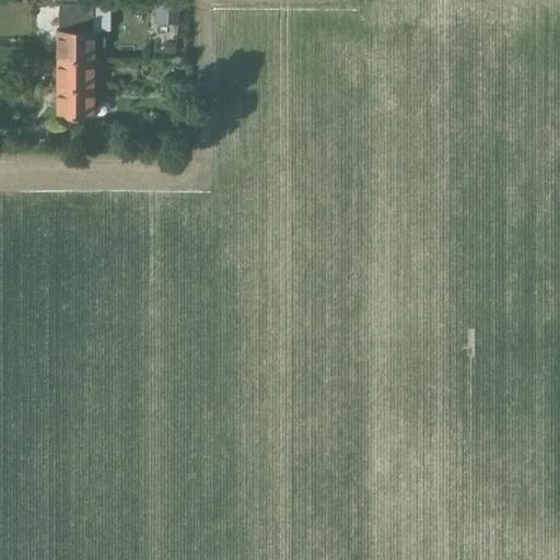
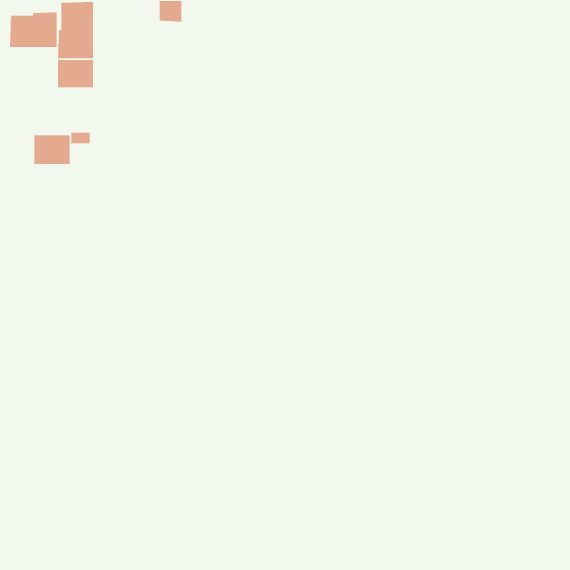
building: none -> [9,11,57,48]
building: [57,88,93,117] -> [34,135,70,165]

